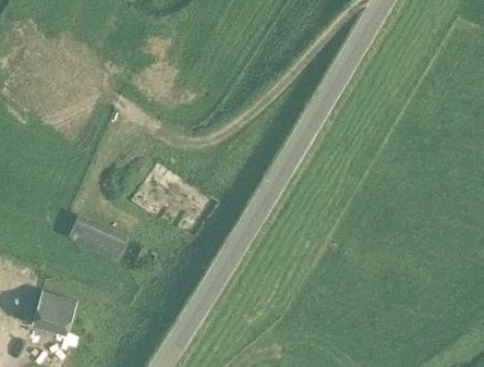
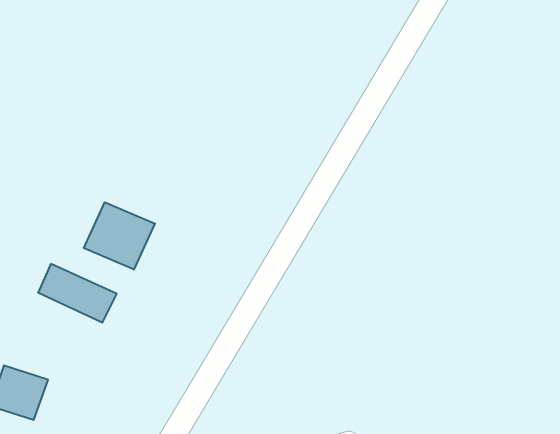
building: none -> [84,202,155,270]

